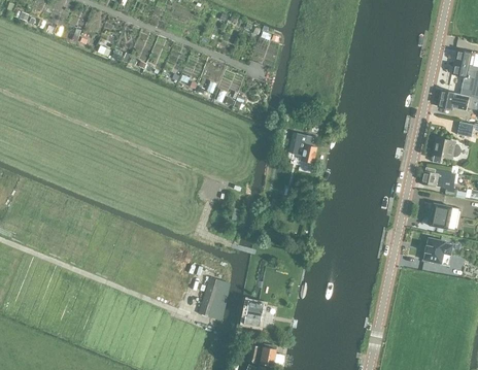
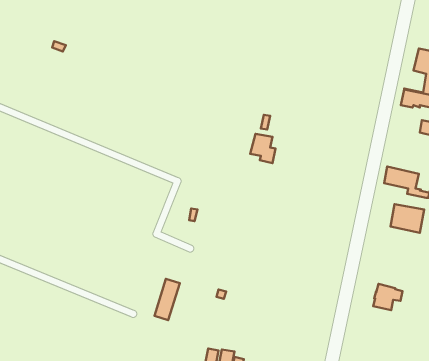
building: [432,139,459,163] -> none
building: [422,237,451,263] -> [373,284,403,310]
building: [242,299,263,326] -> none

